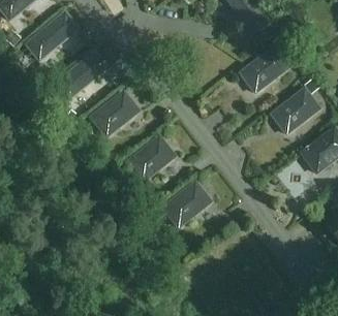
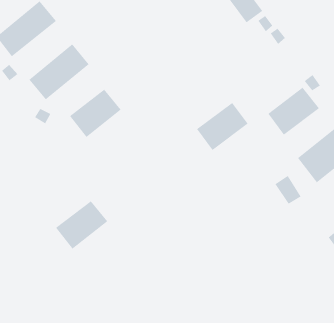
building: [241,48,288,92] -> [196,102,248,151]
building: [126,136,175,181] -> [55,201,108,249]
building: [162,182,210,226] -> none

